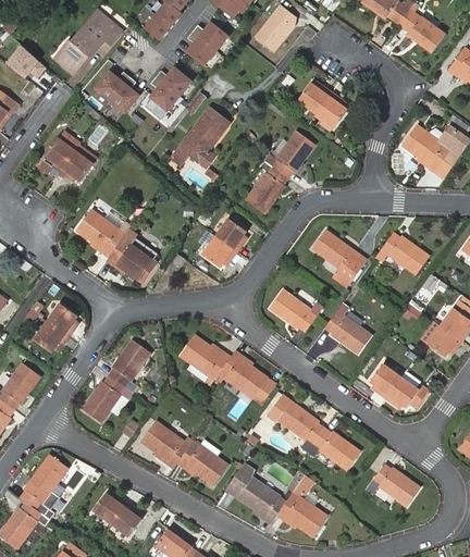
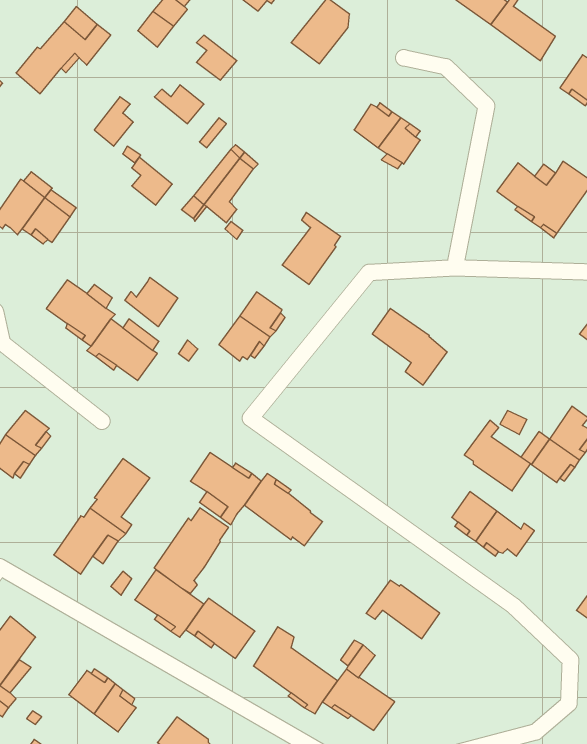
building: [189,23,225,51] -> none
building: [95,72,128,101] -> none
building: [148,77,177,112] -> [132,157,172,205]
building: [263,131,314,178] -> none
building: none -> [125,277,178,327]
building: [375,232,429,274] -> none
building: [269,290,323,333] -> none
building: [323,304,371,355] -> [464,420,530,491]
building: none -> [154,508,228,594]
building: [265,394,324,451] -> none
building: [366,463,420,506] -> none

